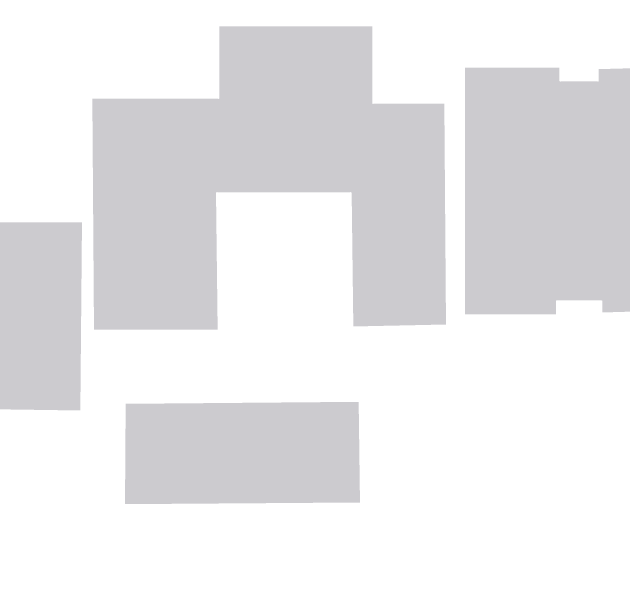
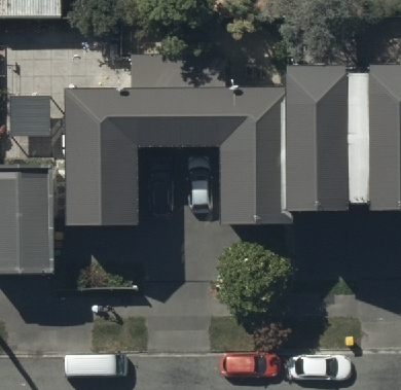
building: [125,401,361,505] -> none

